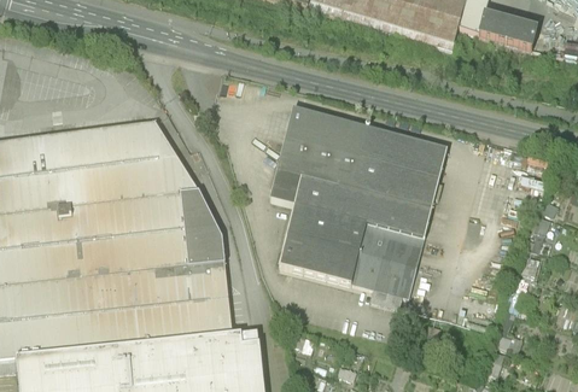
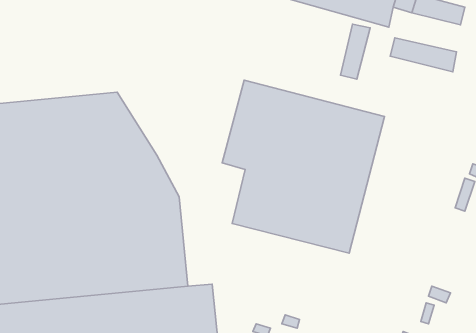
building: none -> [341,24,370,79]
building: none -> [390,38,457,72]

